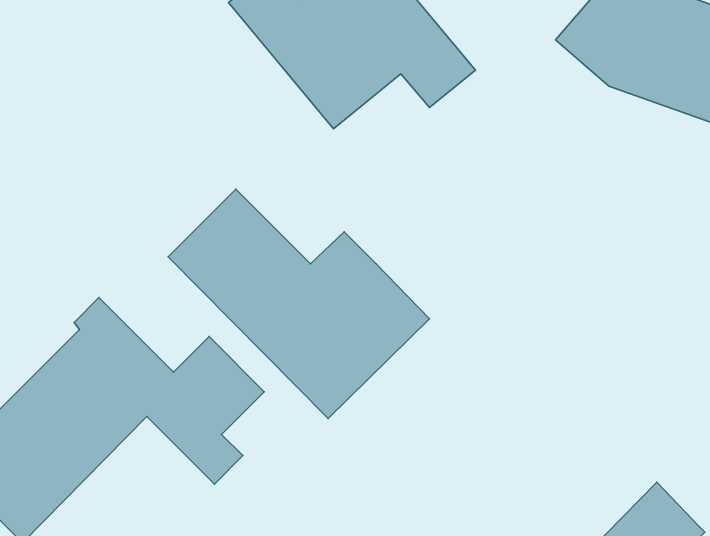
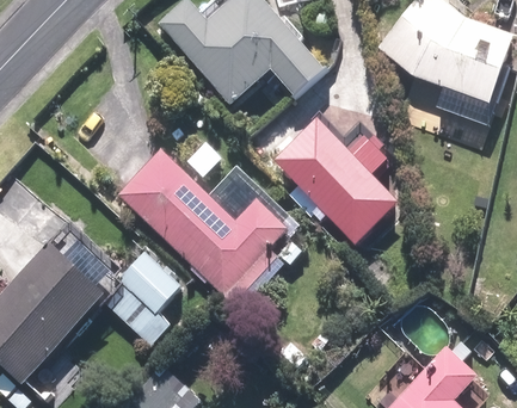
building: none -> [275,118,399,245]

